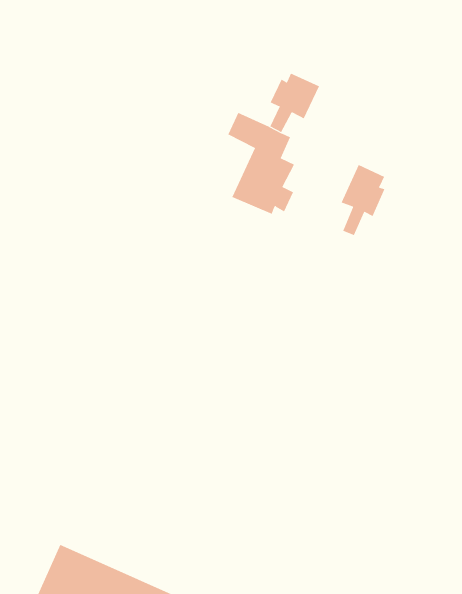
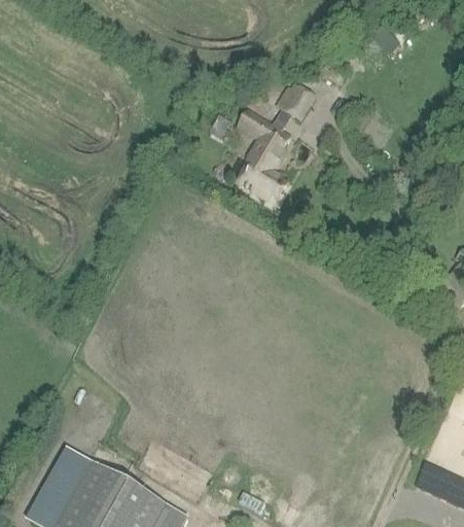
building: [341,164,385,236] -> none

